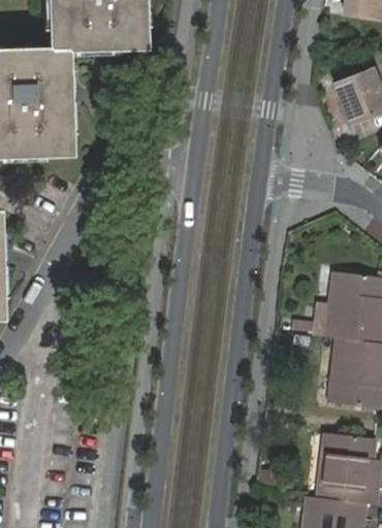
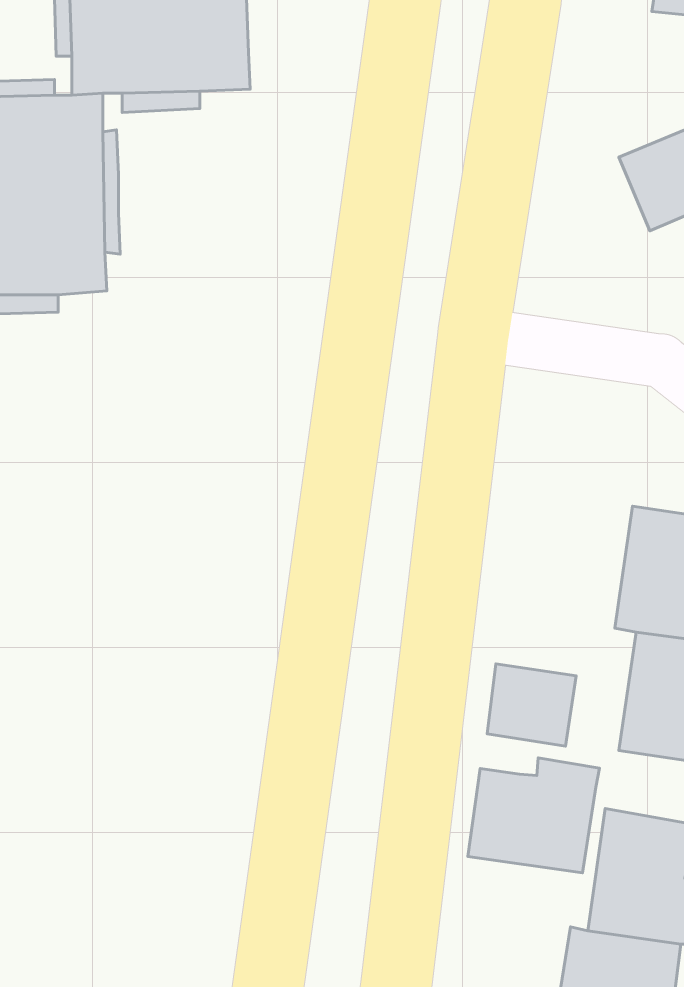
building: none -> [487,664,576,746]
building: none -> [468,758,599,873]

